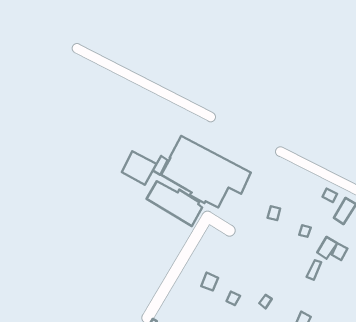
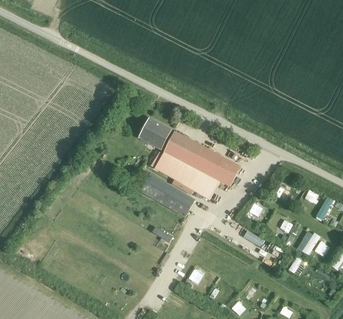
building: [122,151,156,185] -> [137,118,170,150]

